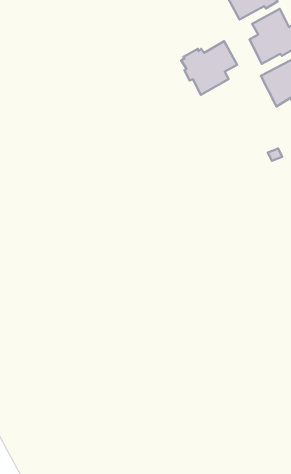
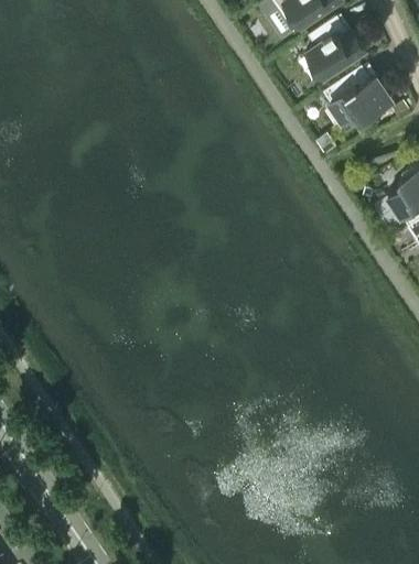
building: [181,41,237,95] -> none

